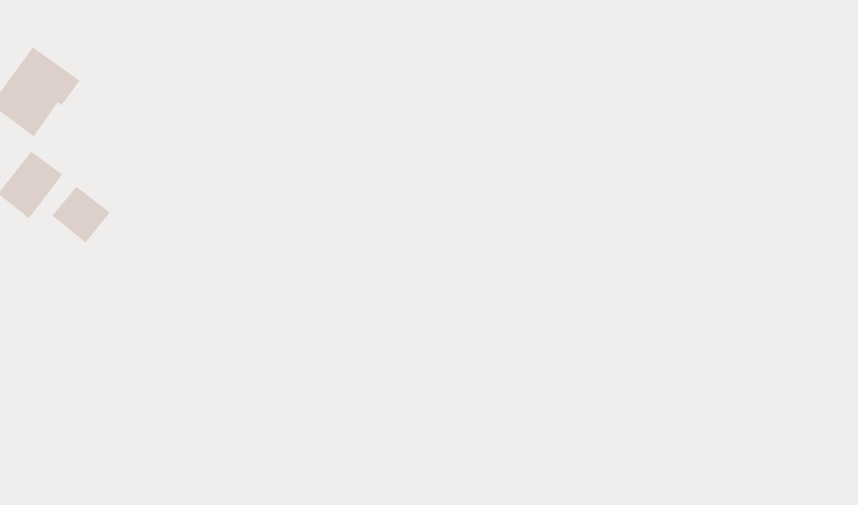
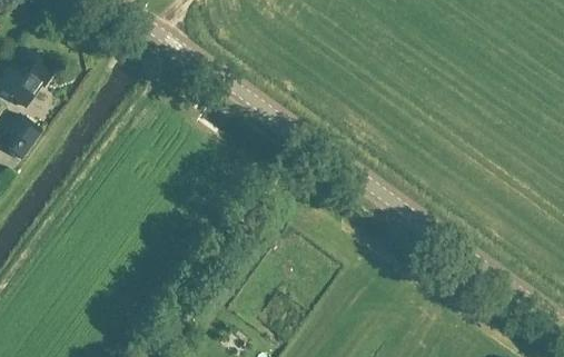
building: [51,186,110,244] -> none

